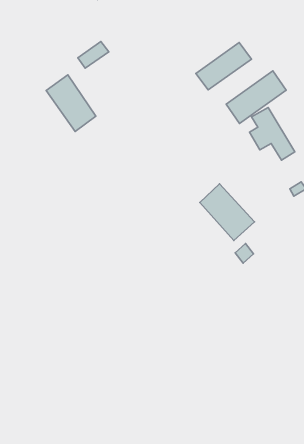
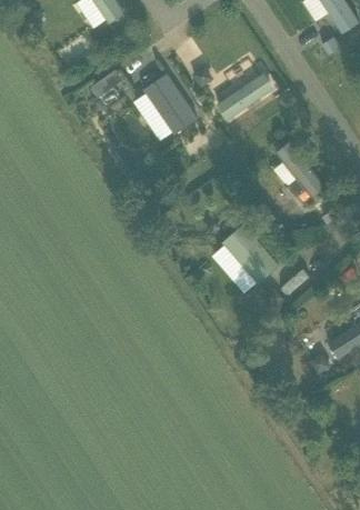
building: [226,71,286,124] -> none
building: [46,75,96,132] -> [141,74,194,136]

